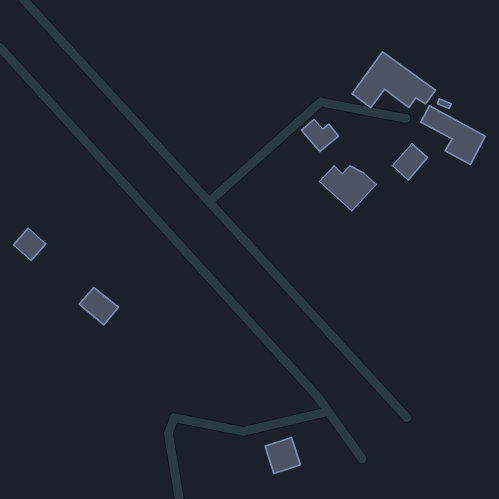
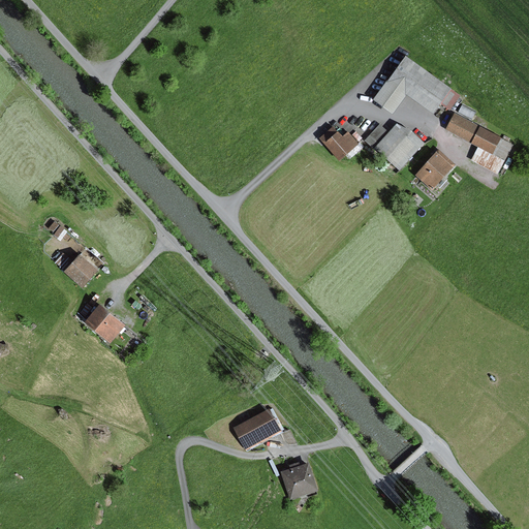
building: [320,166,376,211] -> [364,123,424,170]
building: [14,228,46,260] -> [63,253,97,287]
building: none -> [232,408,281,449]

